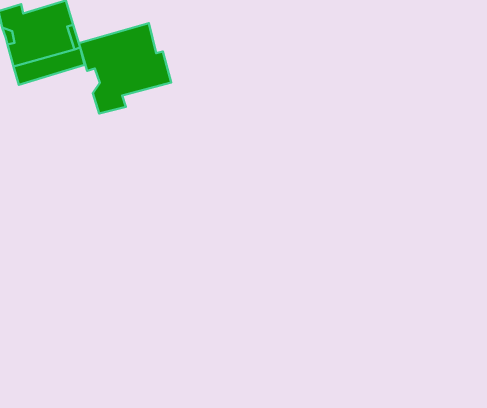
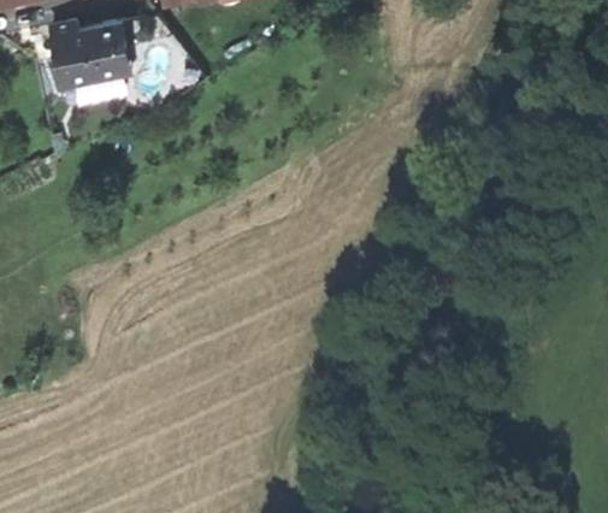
building: [79,23,171,114] -> none

